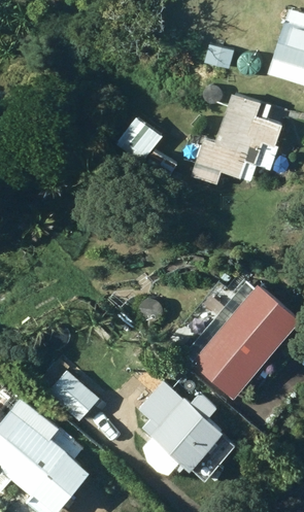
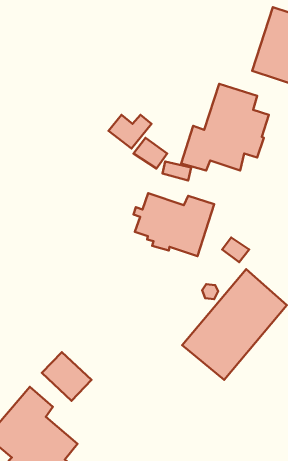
building: none -> [134,193,214,256]
building: [138,378,223,475] -> none

